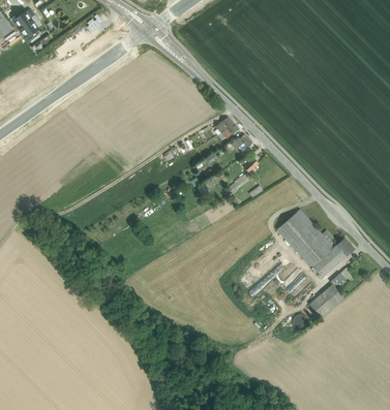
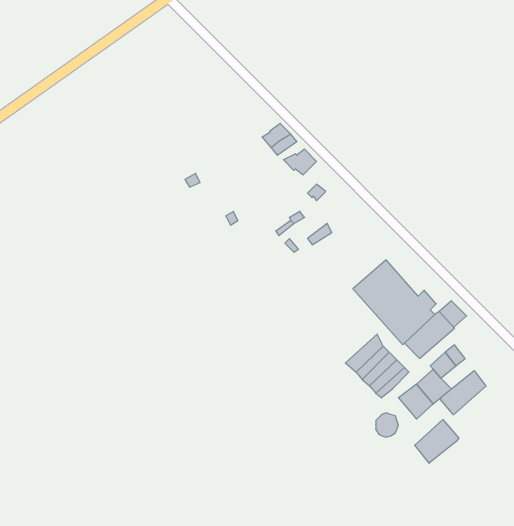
building: none -> [440,371,486,415]
building: none -> [415,420,459,463]

